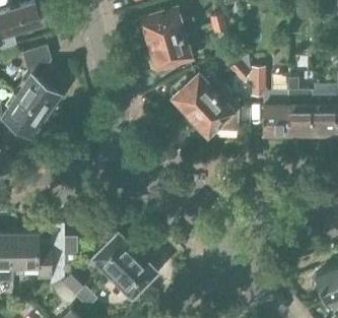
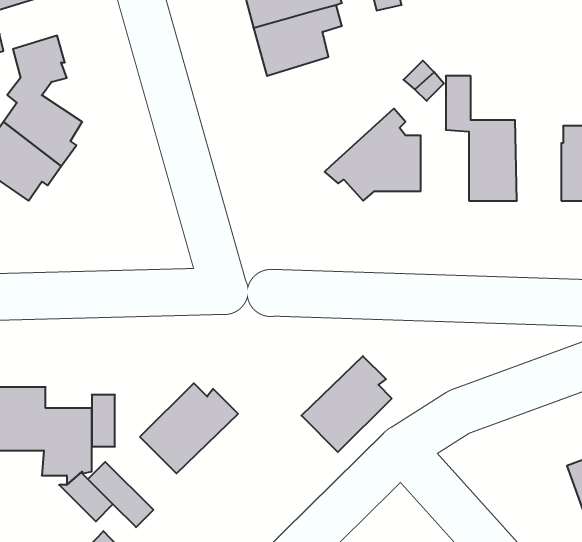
building: [174,75,224,116] -> none
building: [288,79,313,138] -> none
building: [110,247,157,298] -> [301,356,392,452]

